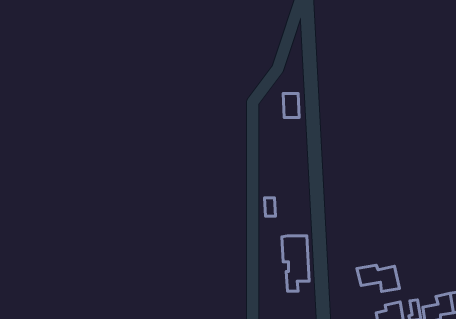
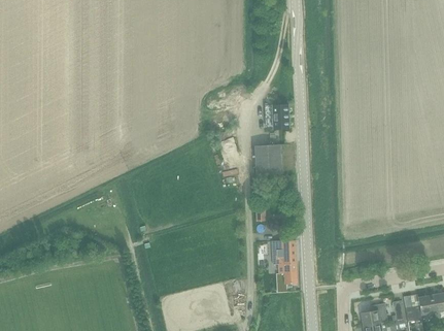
building: none -> [254,144,280,174]
building: [357,265,400,291] -> none

